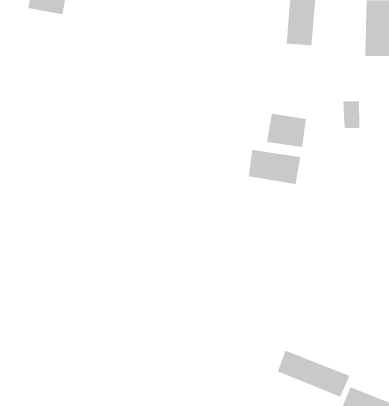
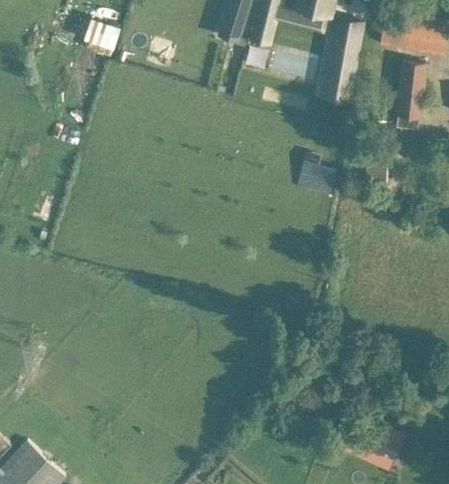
building: [248,149,301,185] -> none
building: [277,350,350,397] -> none

